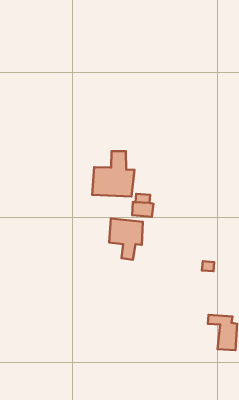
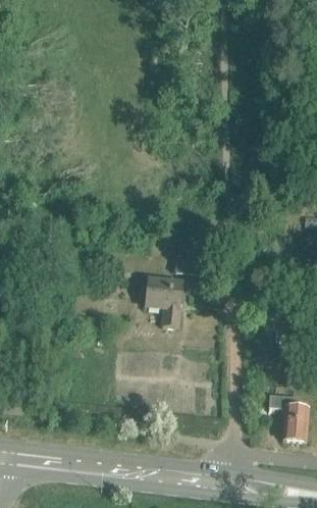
building: [92,151,134,196] -> none

